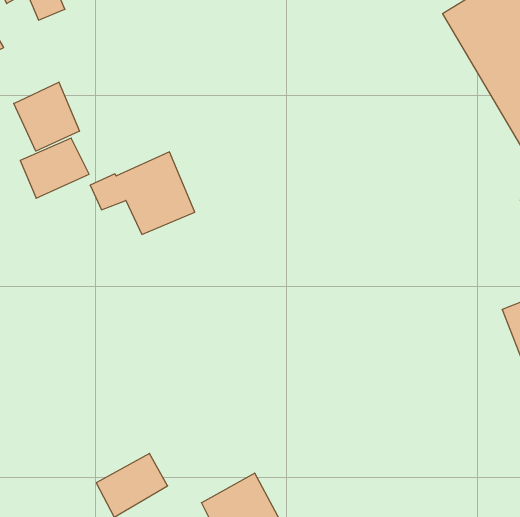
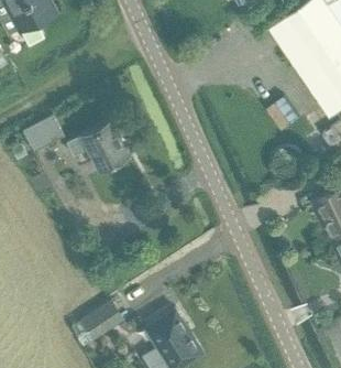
building: [14,82,79,151] -> none

